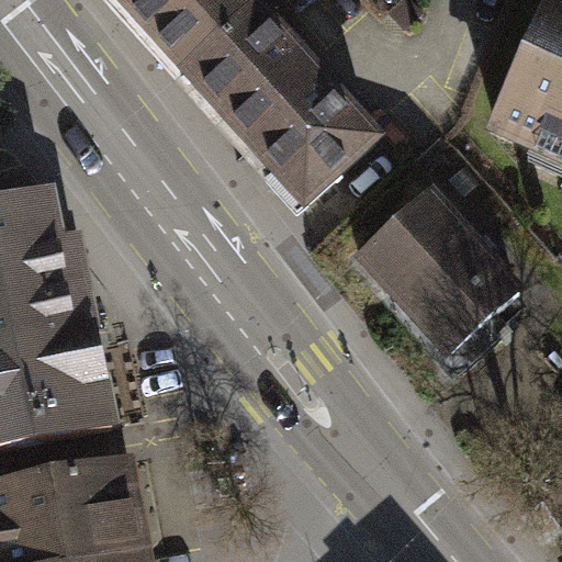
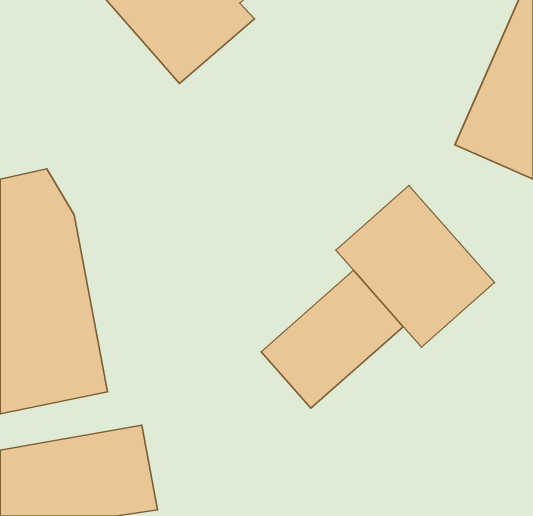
building: [189,20,379,214] -> none
building: none -> [261,270,403,408]

